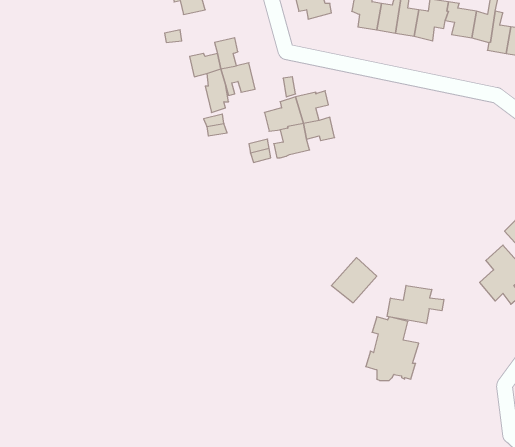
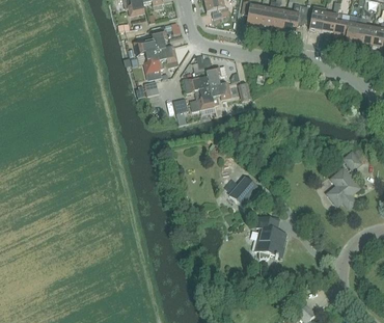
building: [387,285,444,324] -> none

